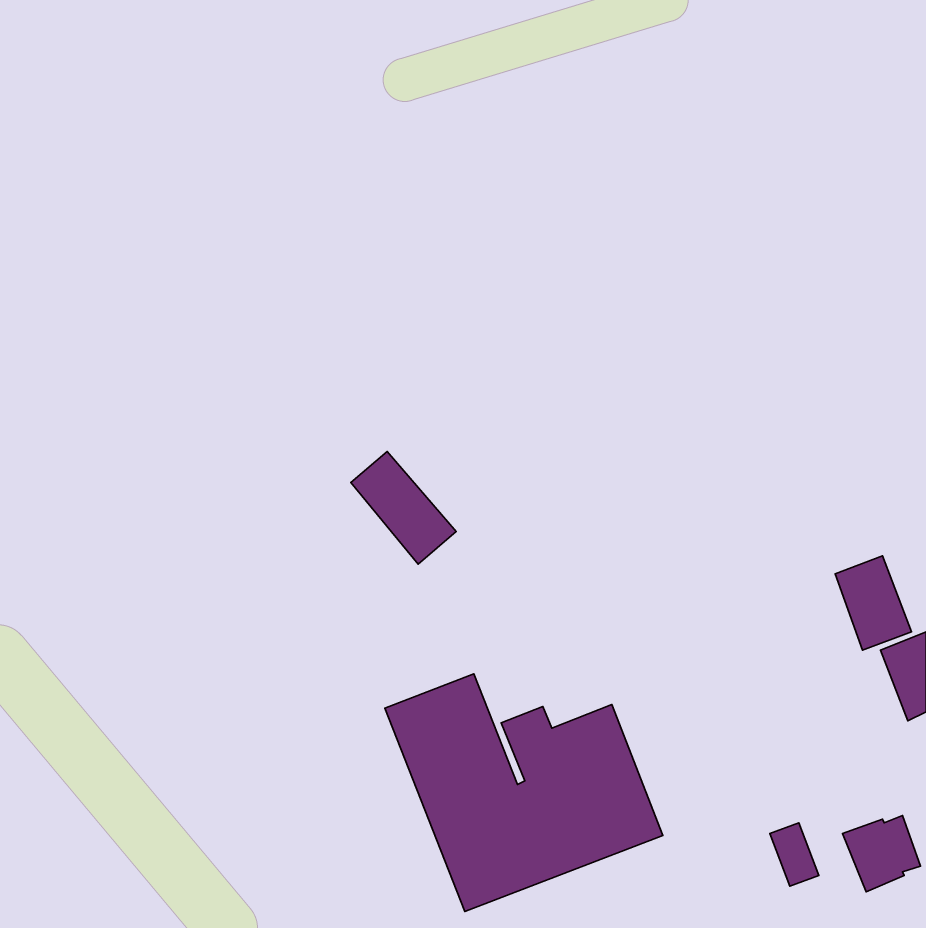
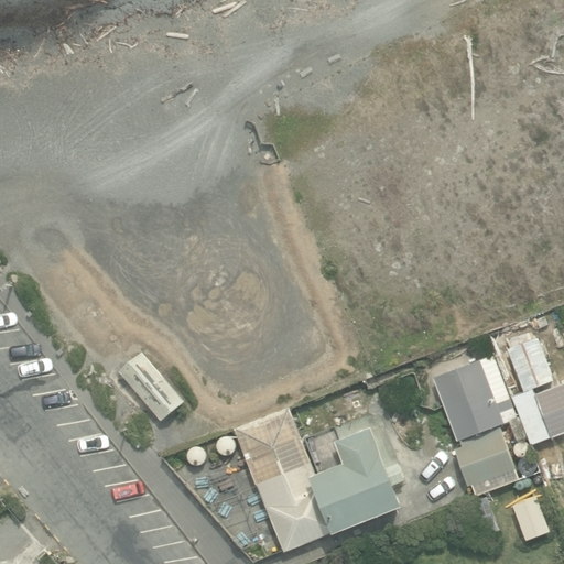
building: [351,452,456,564] -> [119,354,183,422]
building: none -> [432,354,527,487]

